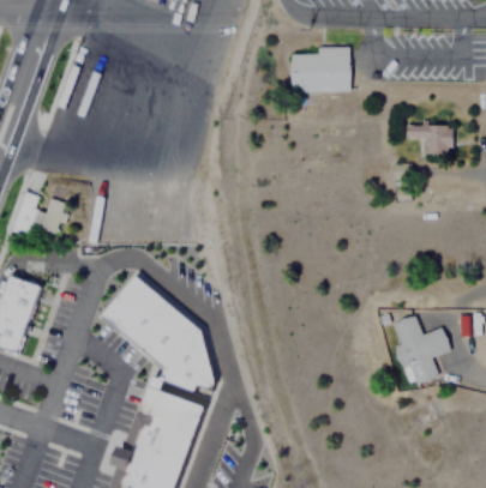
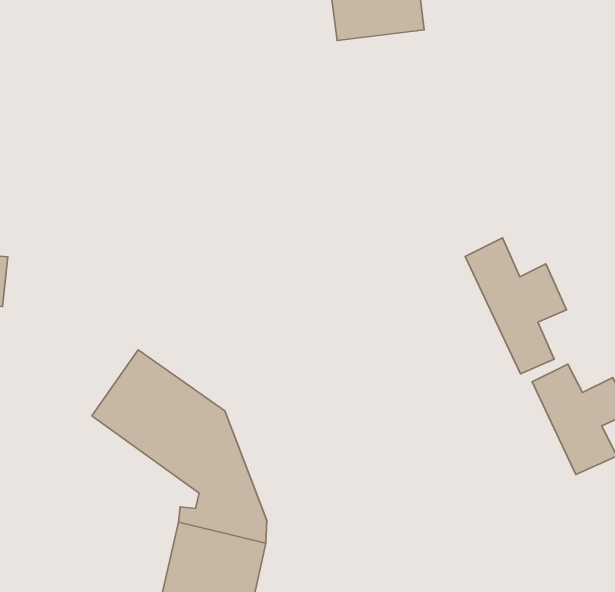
building: [404,123,451,158] -> none
building: none -> [465,238,567,374]

